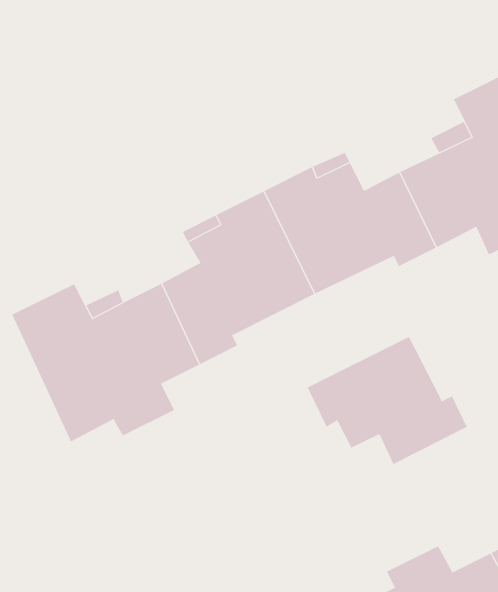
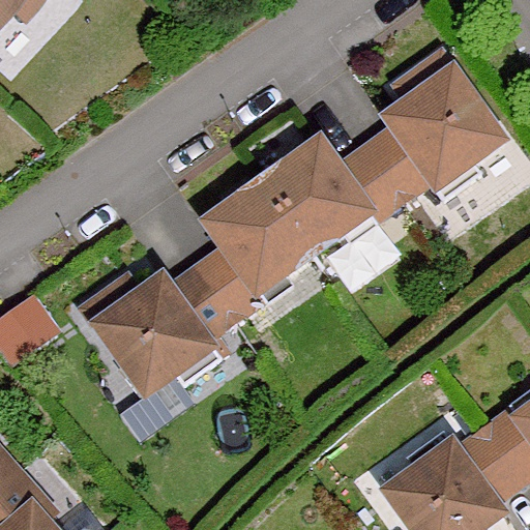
building: [307,336,468,465] -> none

